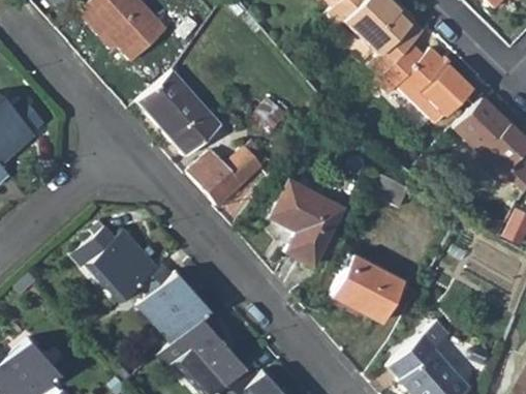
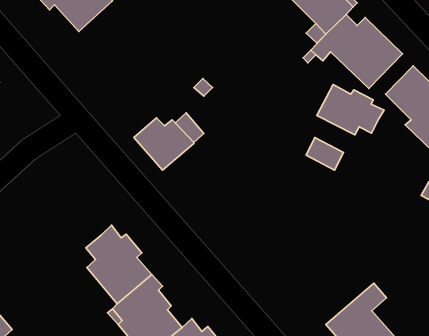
building: [138,71,221,155] -> none
building: none -> [317,85,384,135]
building: [270,180,343,266] -> none
building: [75,232,155,308] -> none
building: [333,255,402,323] -> none

